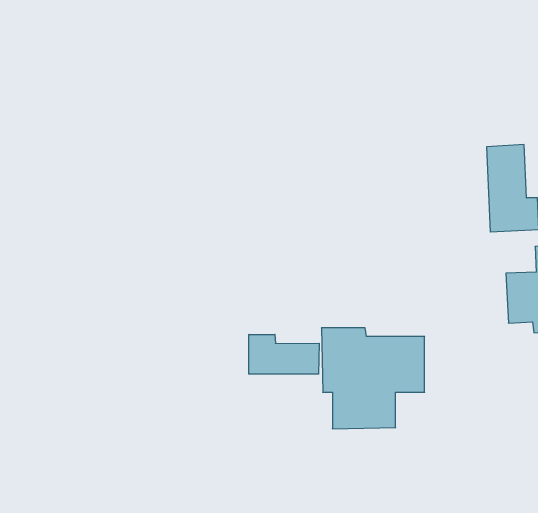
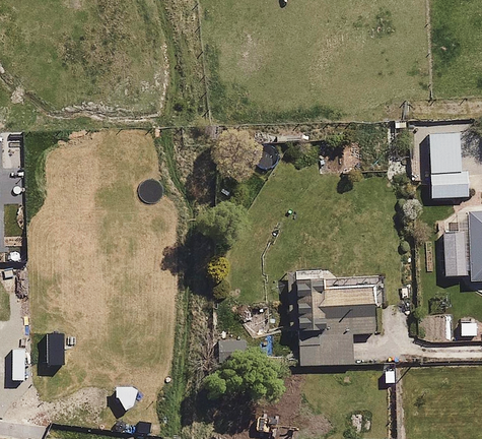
building: [249,334,319,374] -> none

